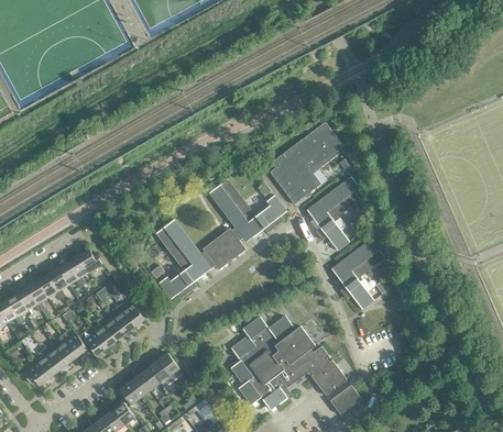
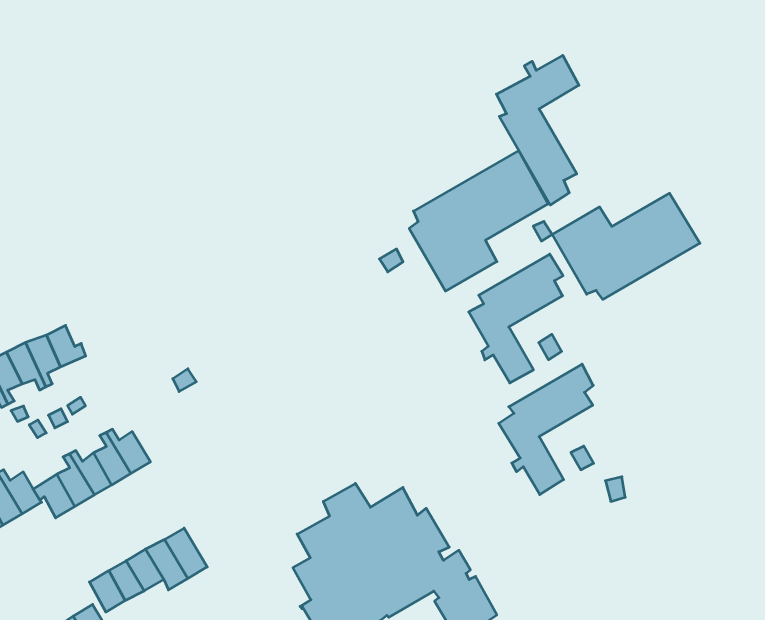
building: none -> [496,55,579,205]
building: none -> [552,193,700,299]
building: [155,179,286,299] -> none

